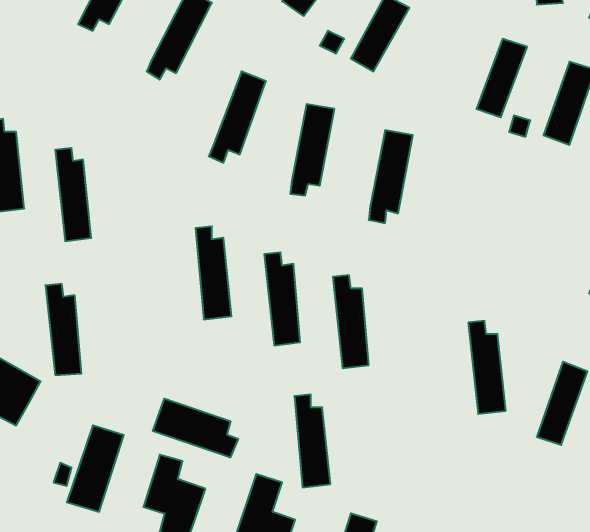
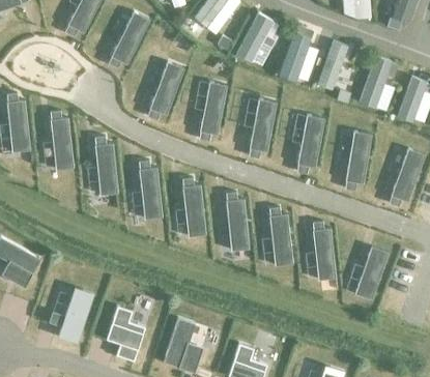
building: none -> [278,32,311,83]
building: none -> [295,115,323,174]
building: none -> [344,132,370,191]
building: [45,284,81,375] -> [93,137,116,195]
building: [294,394,330,487] -> [268,206,291,265]
building: [153,399,238,458] -> none

